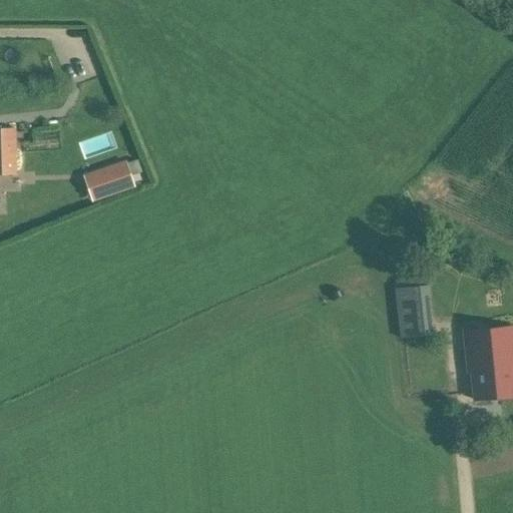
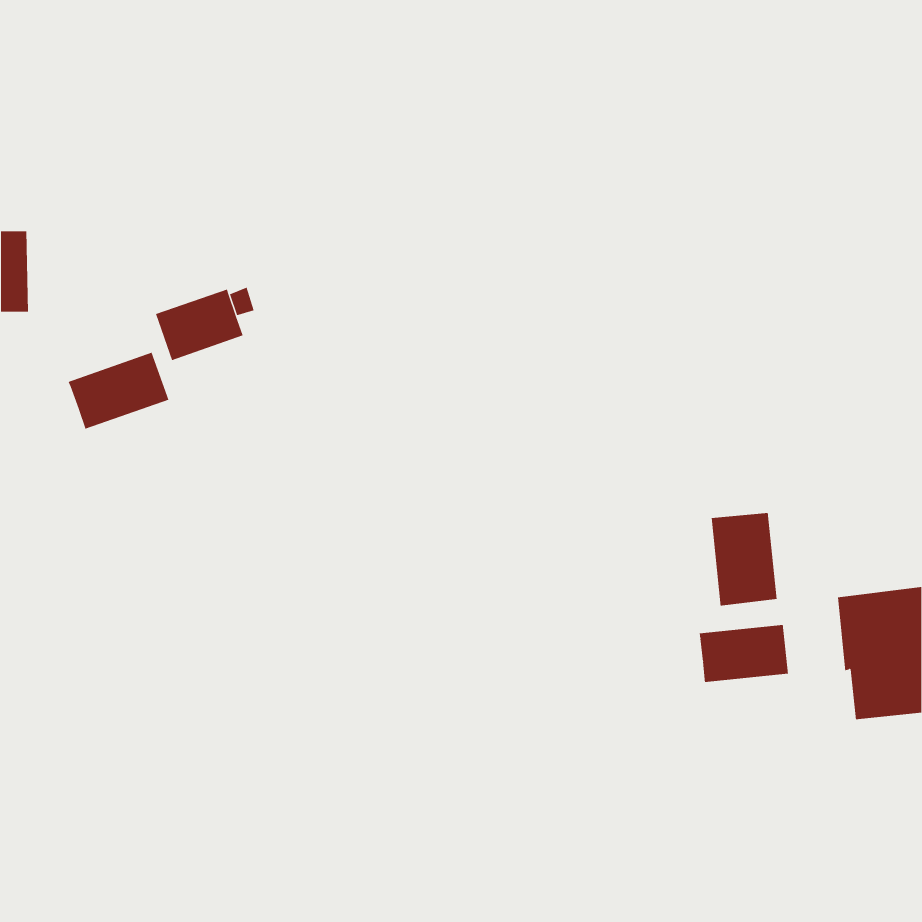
building: none -> [68,352,169,430]
building: none -> [699,624,788,683]

